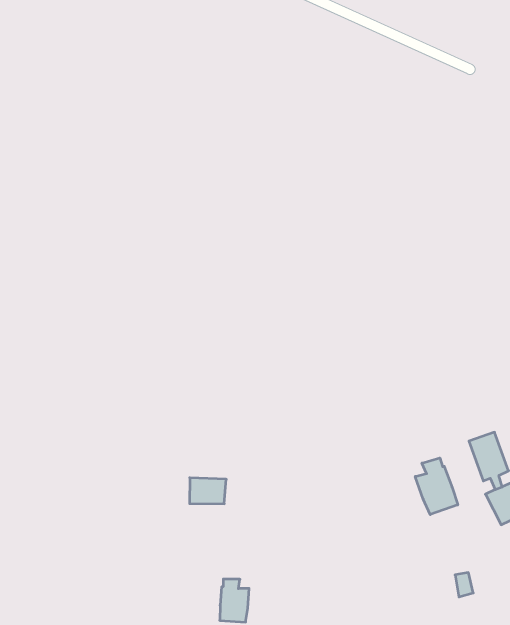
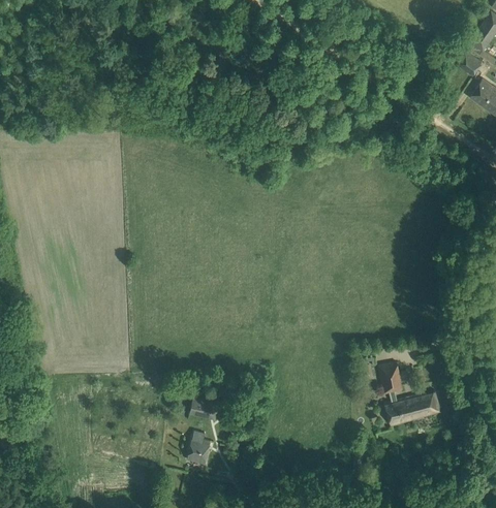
building: [415,458,458,515] -> none
building: [190,478,226,504] -> [191,396,219,418]

